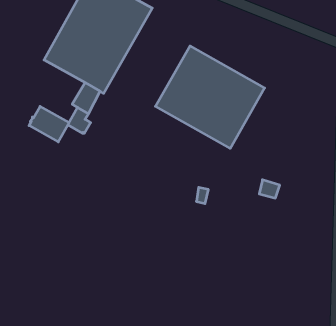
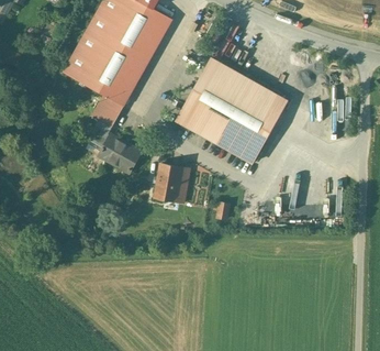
building: [29,106,69,142] -> [99,134,139,171]
building: none -> [155,163,190,201]

